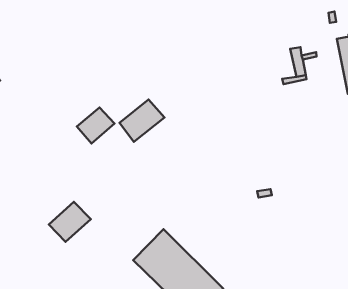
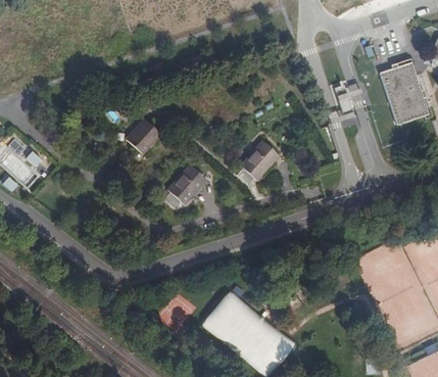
building: none -> [241,143,281,184]
building: [77,107,114,144] -> [128,117,165,155]
building: [49,202,91,242] -> [155,292,197,334]

